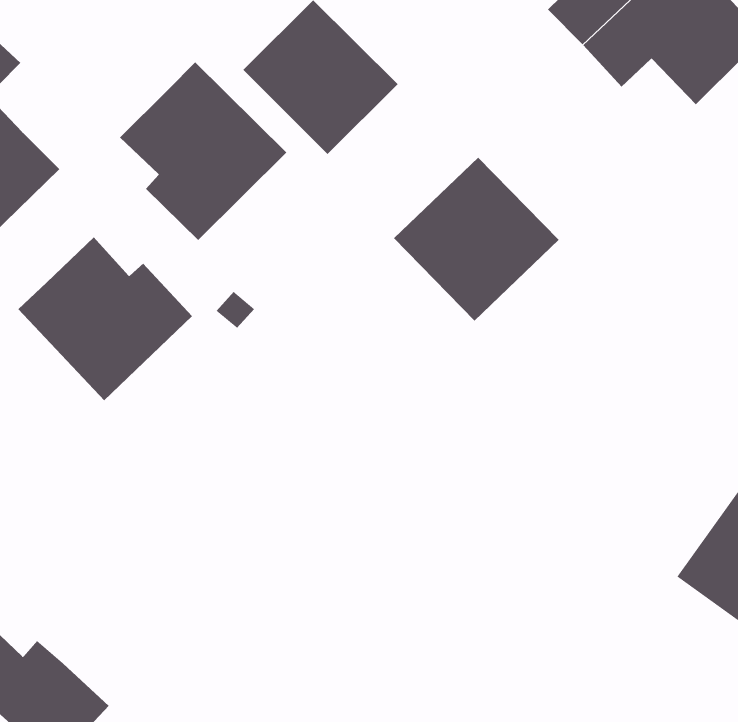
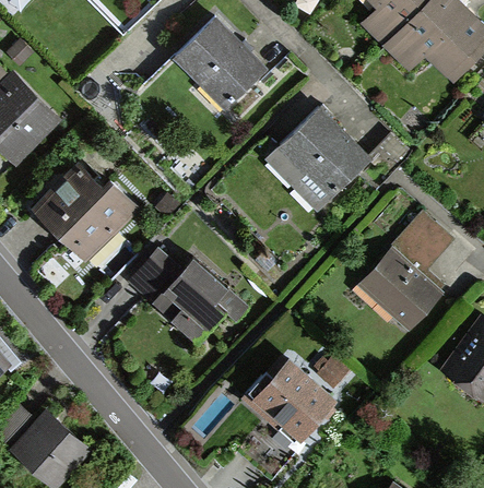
building: [119,62,287,241] -> none
building: none -> [358,214,453,331]
building: none -> [131,251,248,341]
building: none -> [244,355,350,444]

